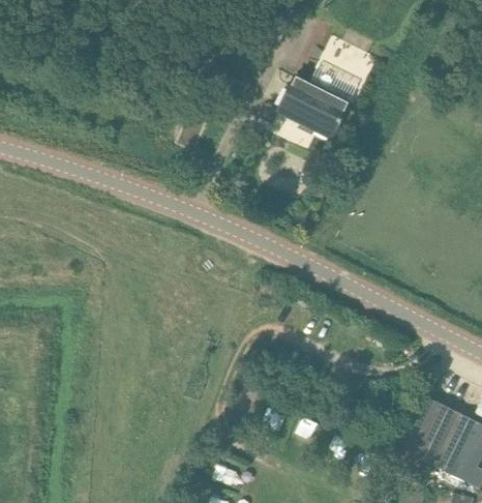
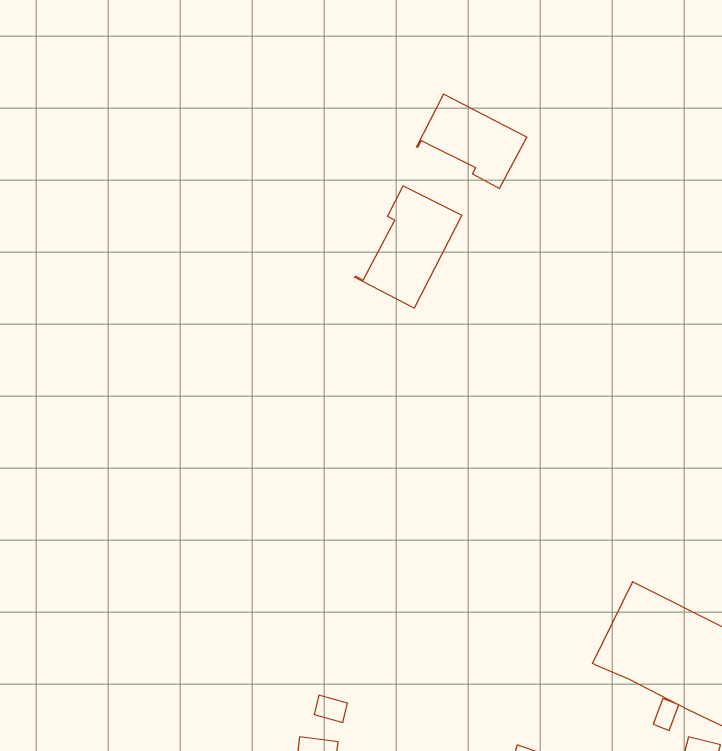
building: none -> [354,186,462,308]

